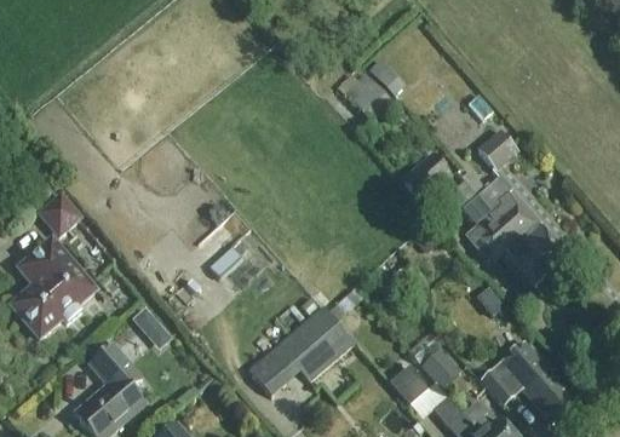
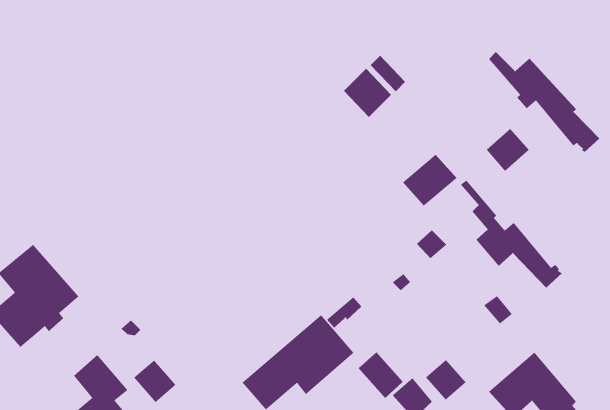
building: [460,171,566,266] -> [488,51,600,153]
building: [39,194,80,235] -> none
building: none -> [358,351,404,399]
building: none -> [133,359,177,403]

